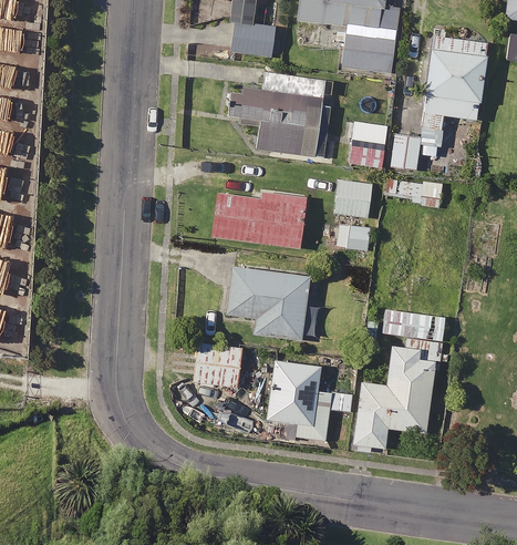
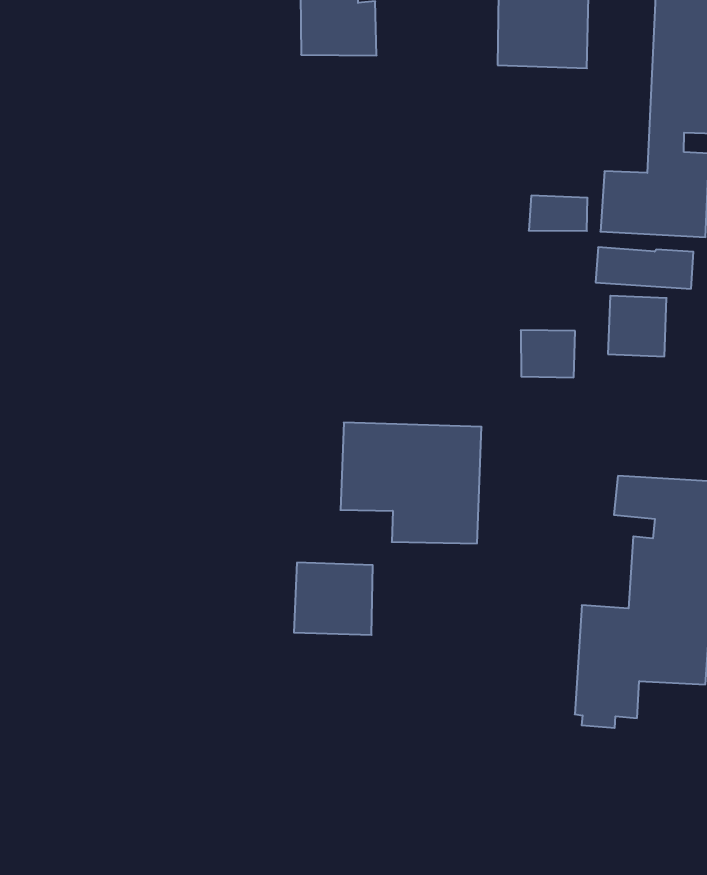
building: [227,74,325,157] -> none
building: [334,179,371,217] -> [608,296,667,356]
building: [213,191,307,248] -> none
building: [265,360,351,440] -> none

